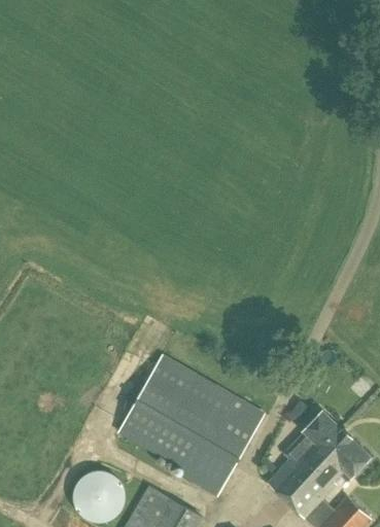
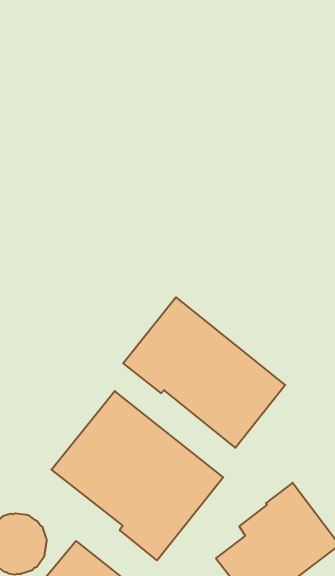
building: none -> [123,297,285,448]

